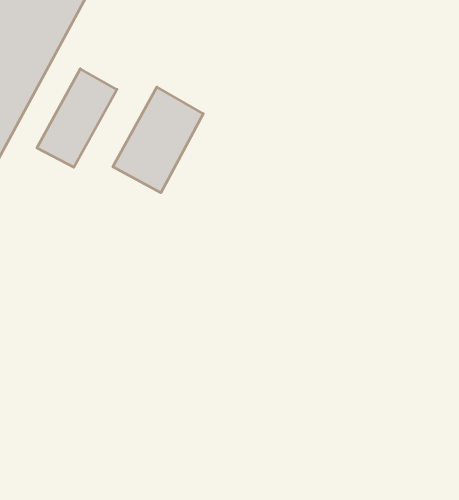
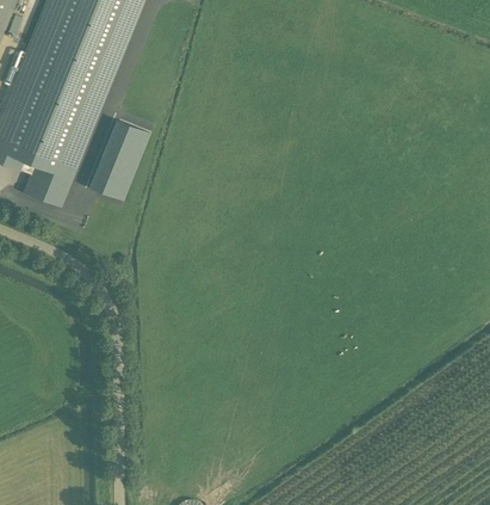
building: [113,87,203,193] -> none

